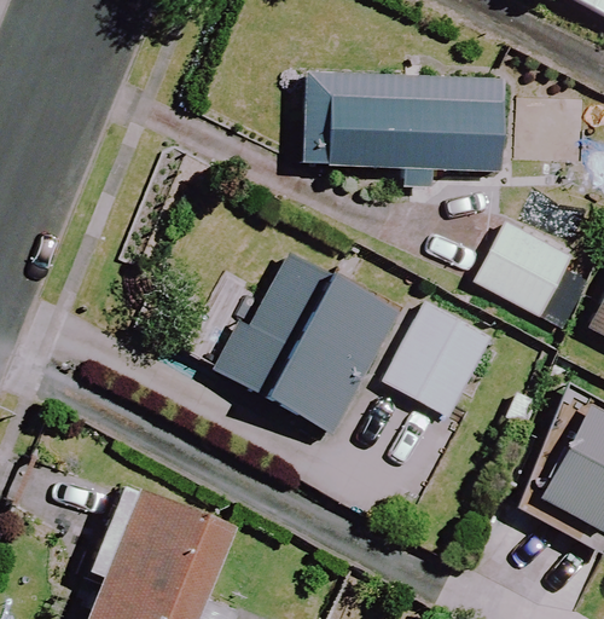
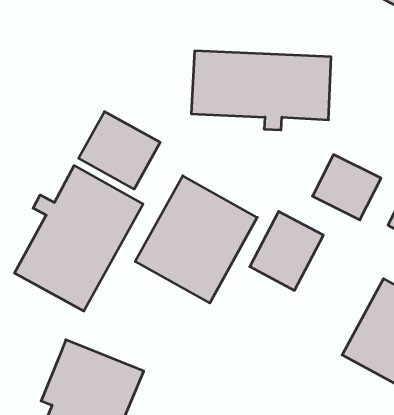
building: none -> [79,112,160,189]
building: none -> [15,166,143,311]

